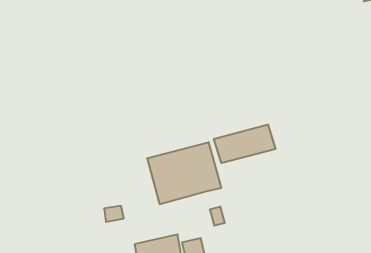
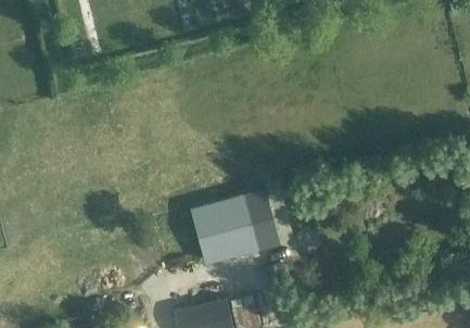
building: [214,125,275,163] -> none

